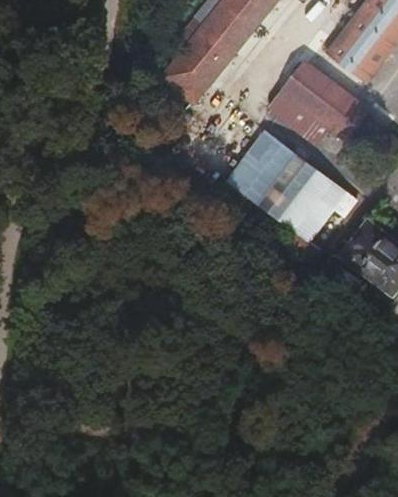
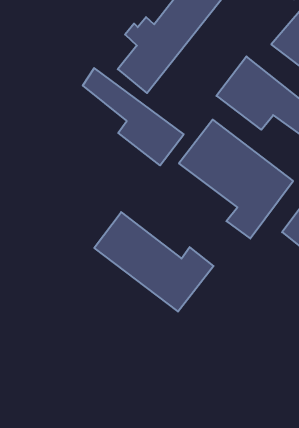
building: none -> [83,68,184,165]
building: none -> [94,212,214,312]

